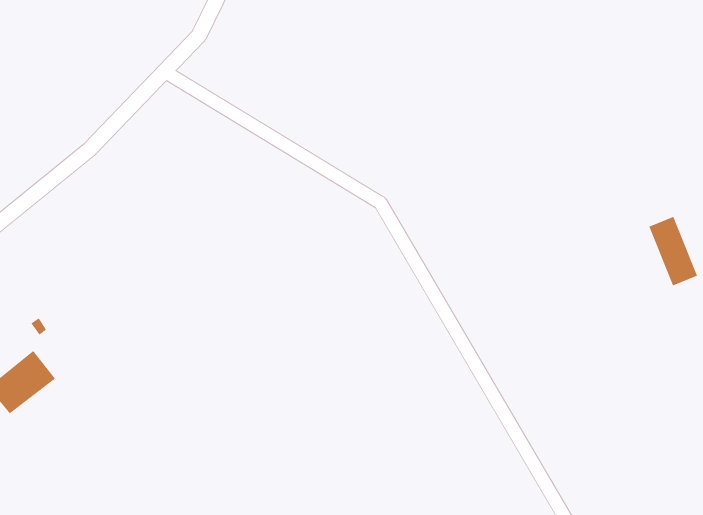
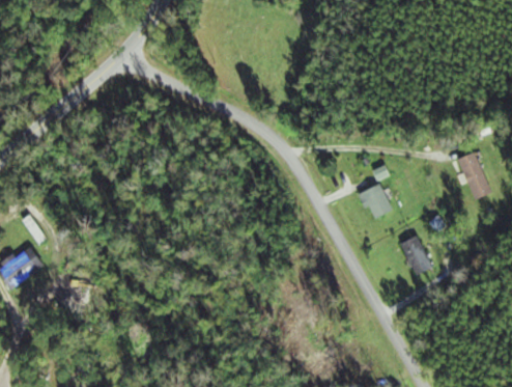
building: none -> [363,184,393,219]
building: none -> [400,236,431,275]

